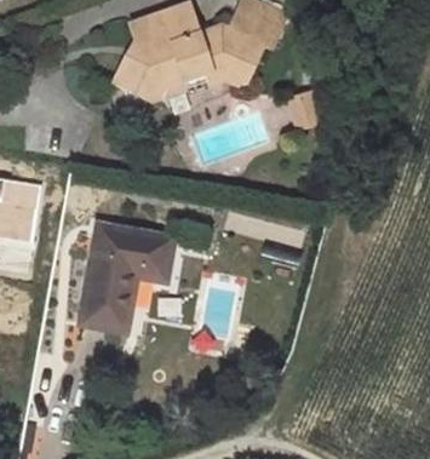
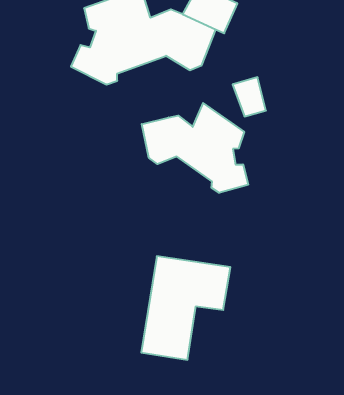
building: none -> [142,103,248,193]
building: [76,229,167,334] -> [141,256,230,360]

